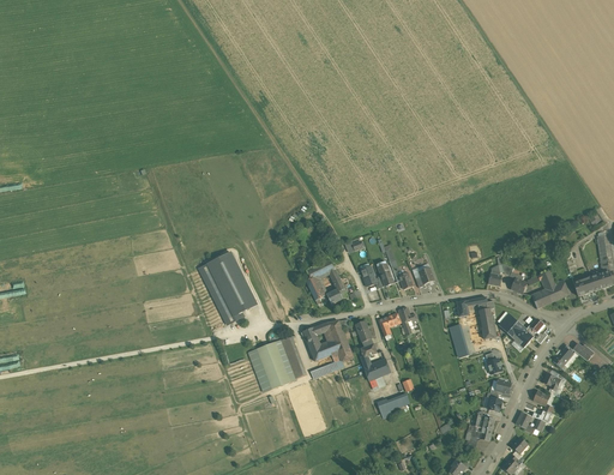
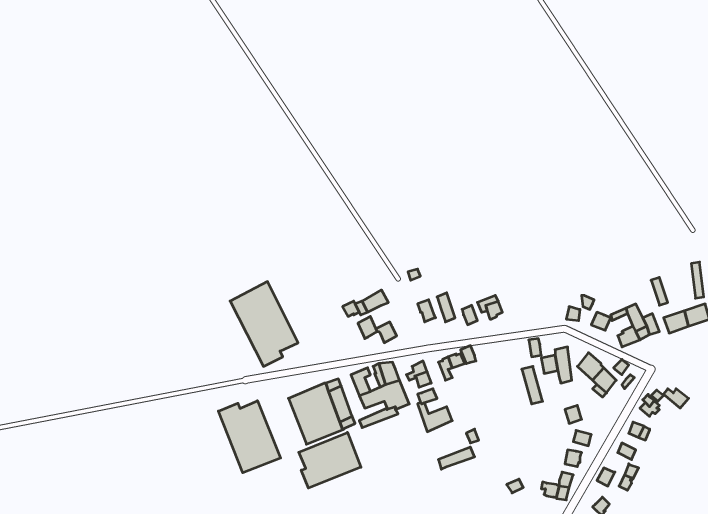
building: none -> [218,401,281,473]
building: none -> [299,432,361,488]

